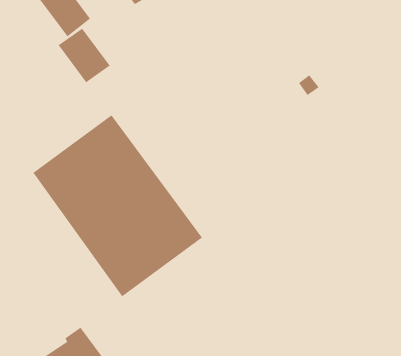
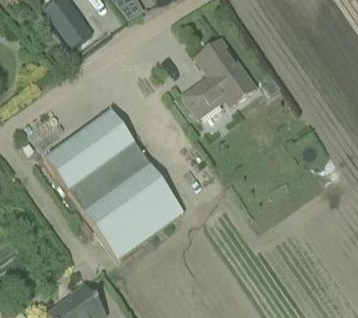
building: none -> [180,37,256,118]
building: [58,28,110,83] -> none

